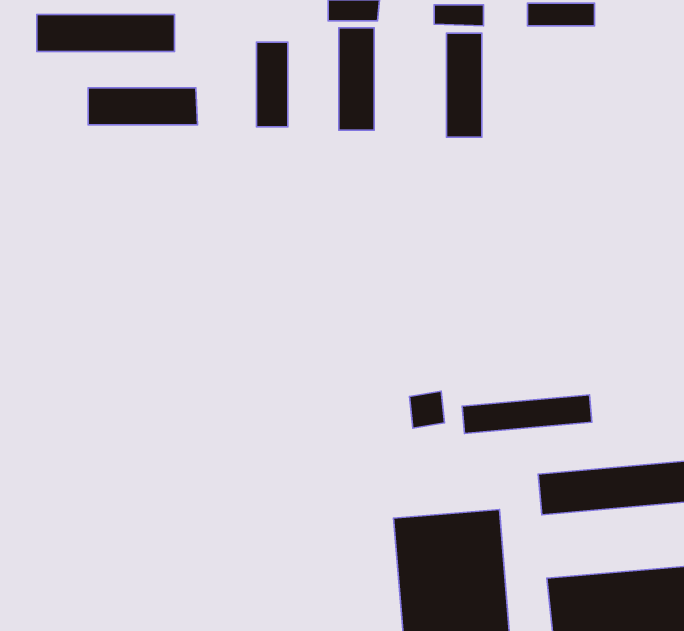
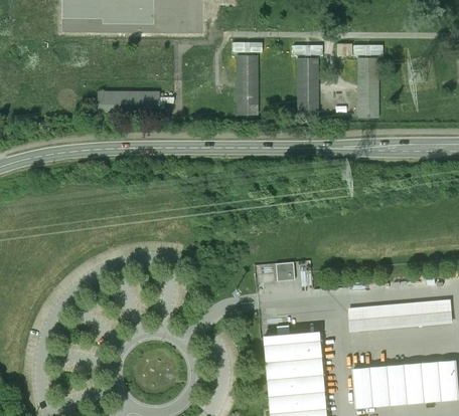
building: [37,14,175,52] -> none
building: none -> [356,57,376,117]
building: [257,42,288,127] -> none
building: [462,395,592,434] -> none

